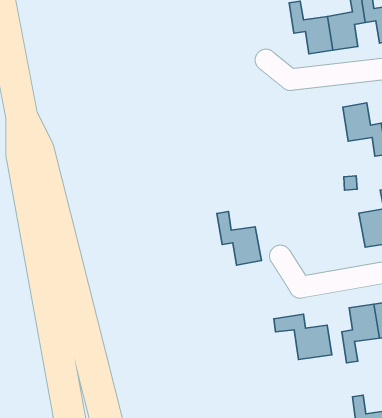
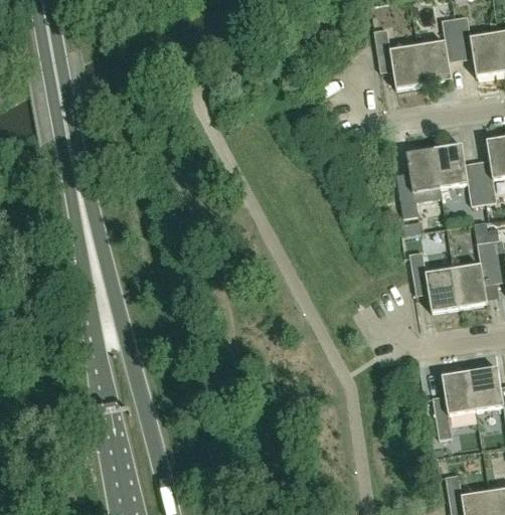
building: none -> [398,148,441,214]
building: [217,212,261,265] -> [409,250,460,311]
building: [274,314,332,359] -> none

